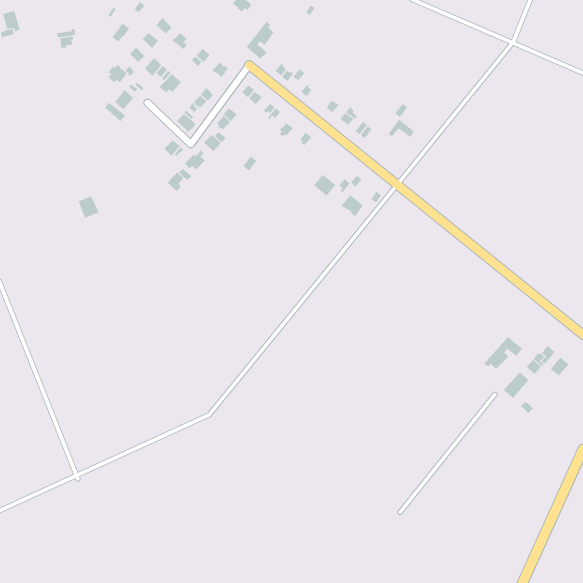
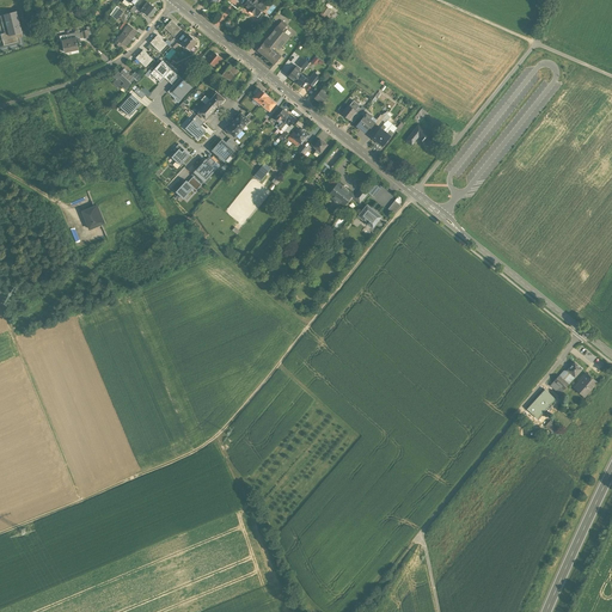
building: [483,336,523,369] -> none

